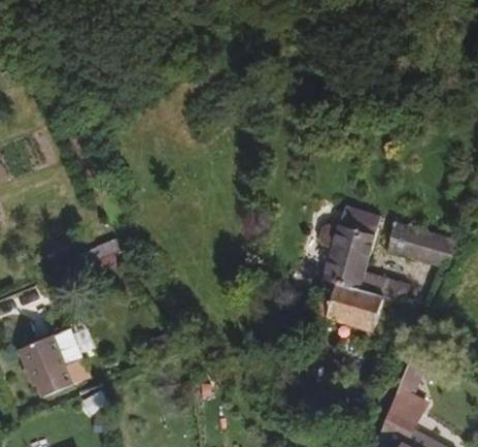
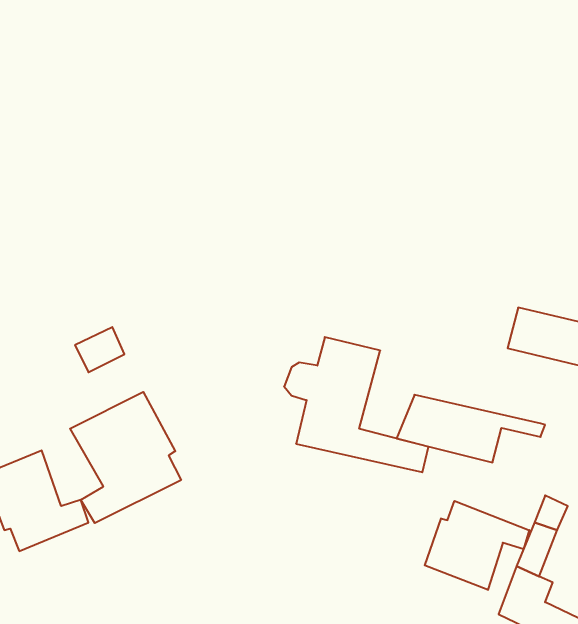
building: [310,212,409,305] -> [284,337,428,472]
building: none -> [70,392,181,523]
building: none -> [425,501,529,590]

